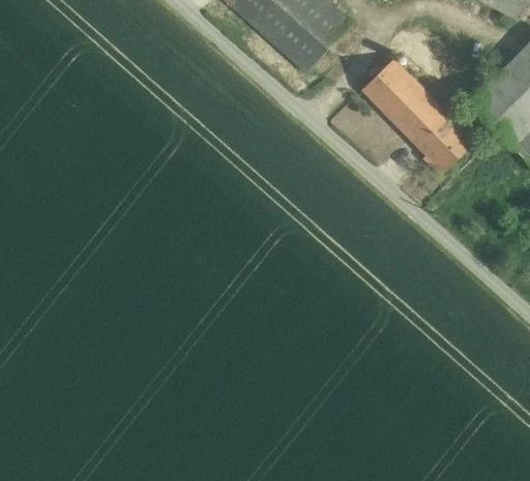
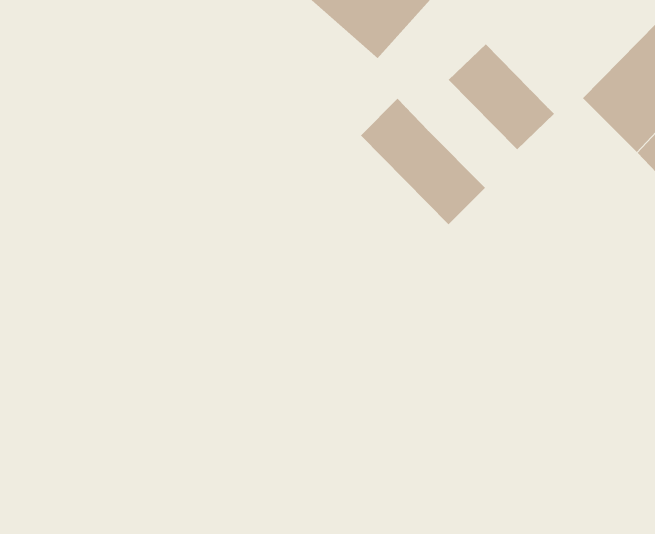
building: none -> [360,98,486,225]
building: [417,114,474,173] -> none

